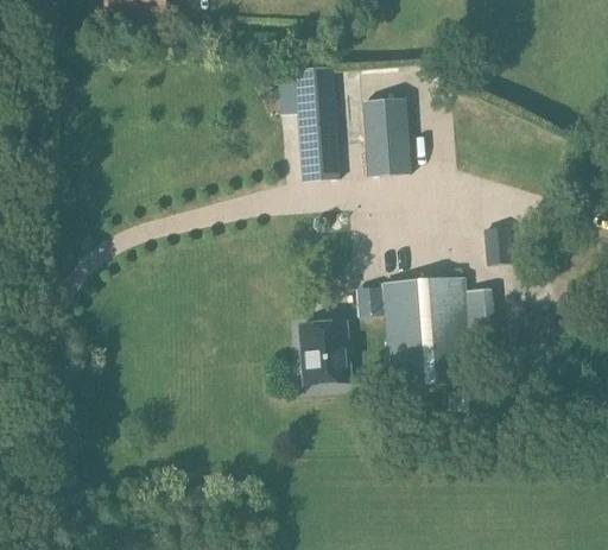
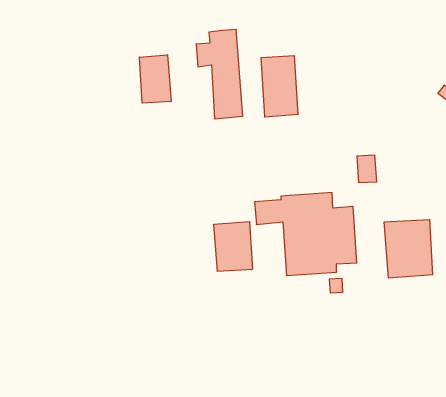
building: none -> [140,55,171,103]
building: none -> [384,219,432,278]

